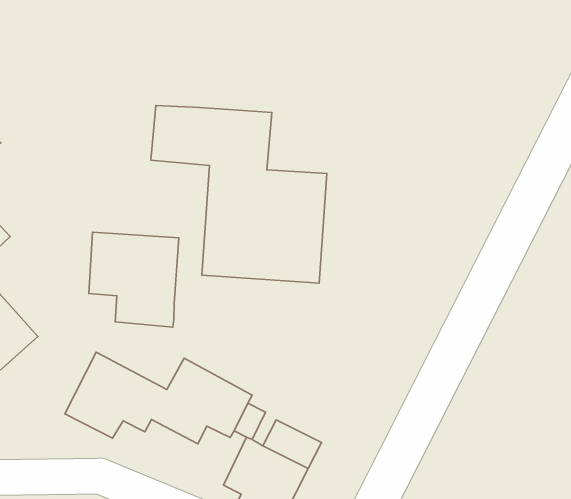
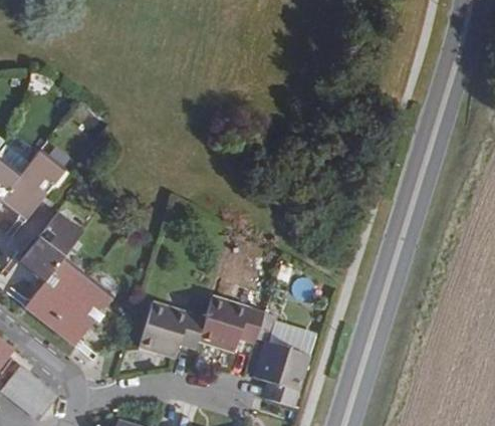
building: [151,106,327,283] -> none
building: [89,232,179,327] -> none

